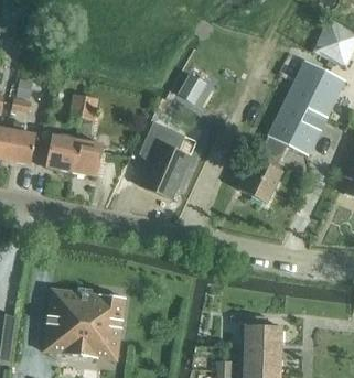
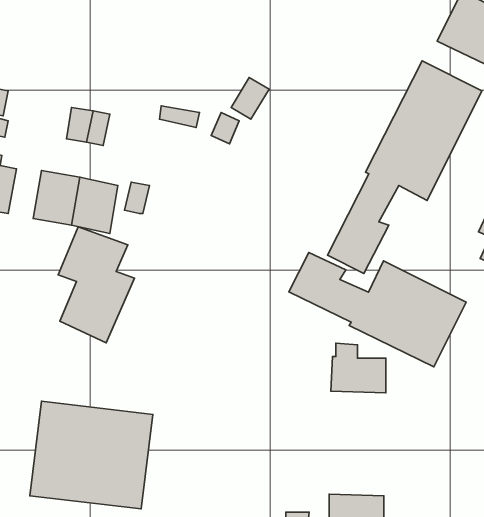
building: [139,122,190,199] -> [58,227,135,343]
building: none -> [289,252,466,367]
building: [244,317,280,350] -> [331,343,386,393]

